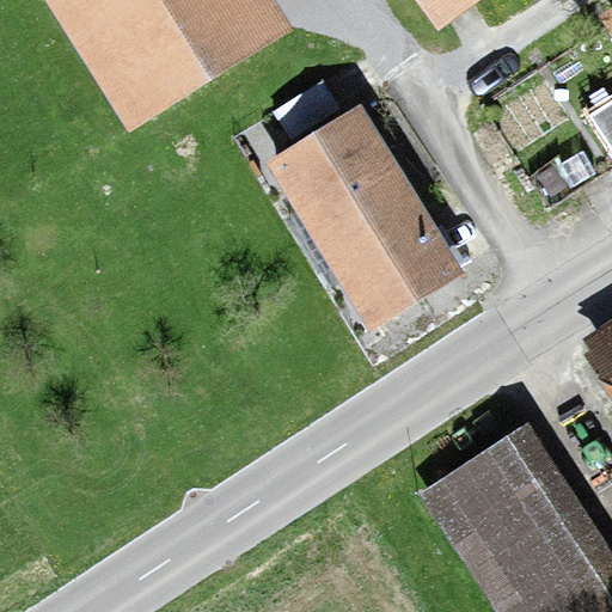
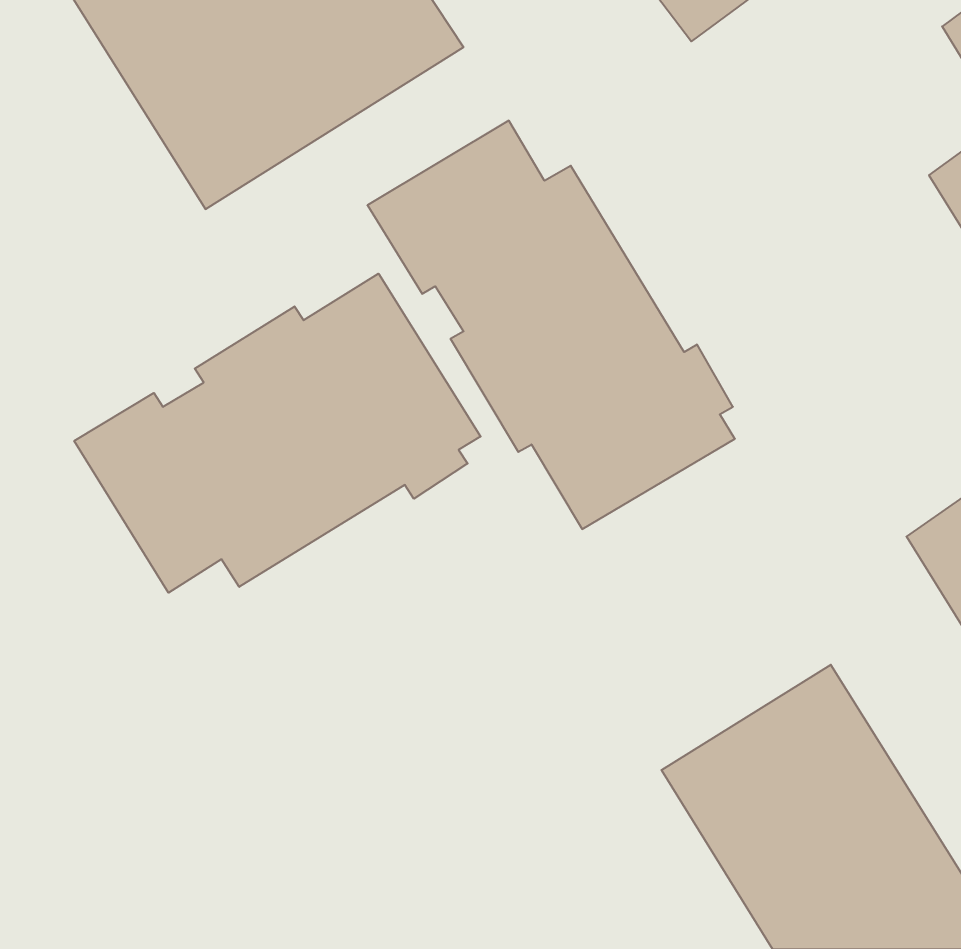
building: none -> [74,274,481,593]

